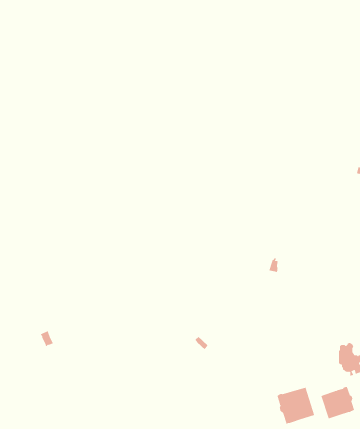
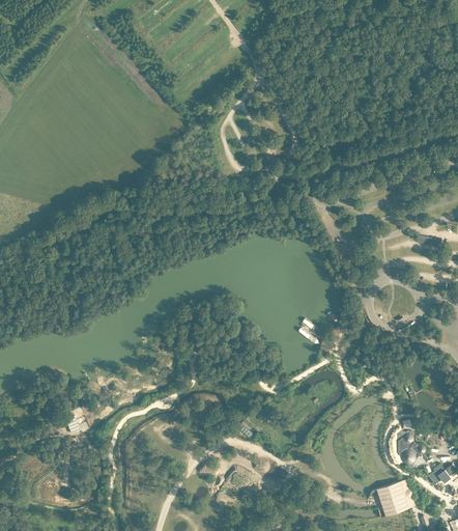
building: [277,387,315,425] -> none

